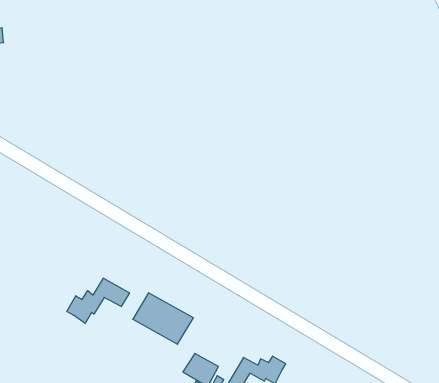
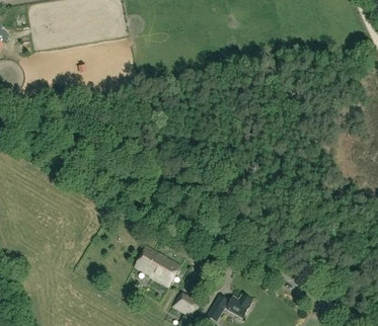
building: [67,278,129,323] -> none

